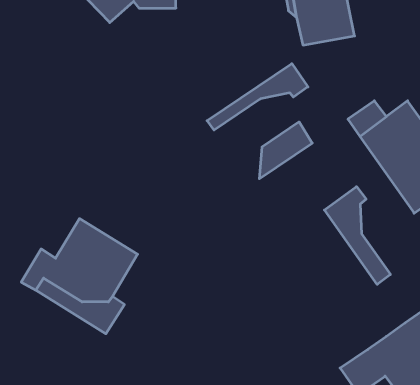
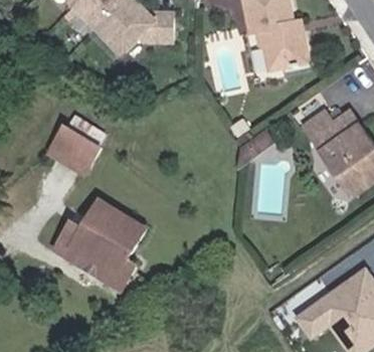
building: [207,64,308,130] -> none
building: none -> [48,127,99,173]
building: [324,187,390,284] -> none

